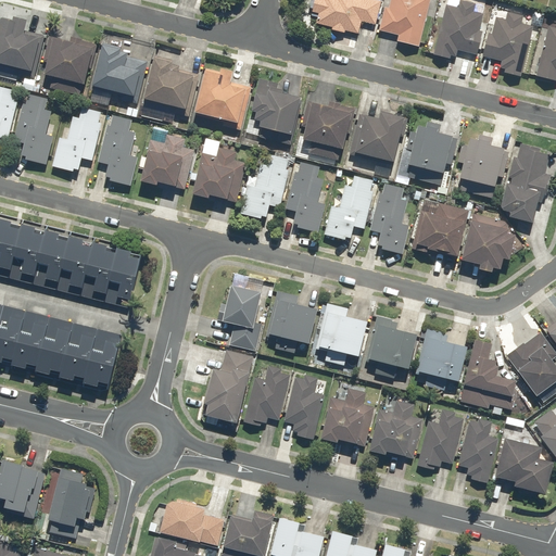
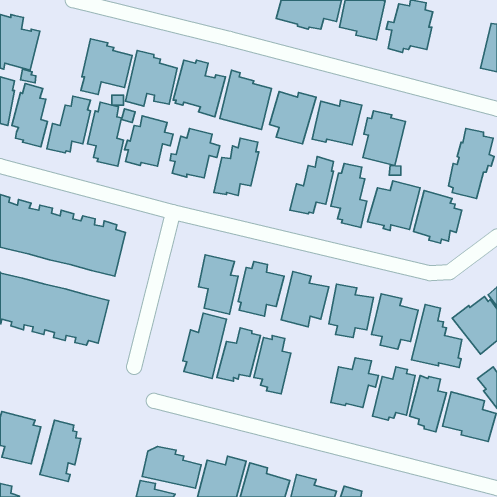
building: [481,11,533,76] -> none
building: [43,37,93,94] -> none
building: [459,138,504,198] -> none
building: [285,162,325,232] -> none
building: [320,389,374,443] -> none

